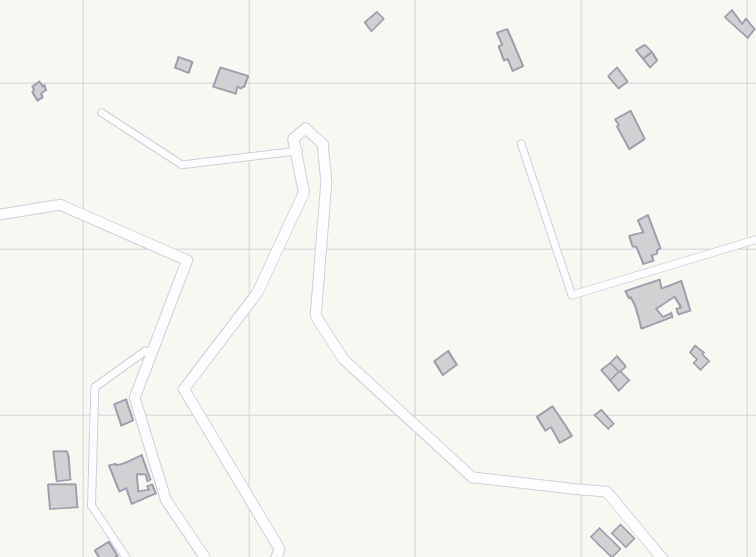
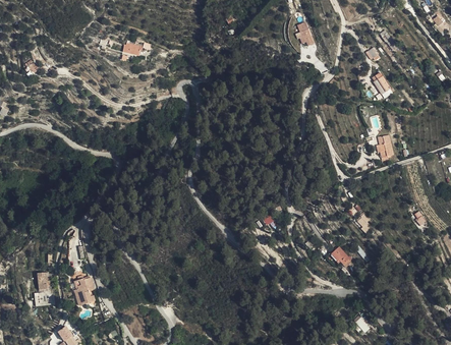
building: [625,279,690,329] -> none

